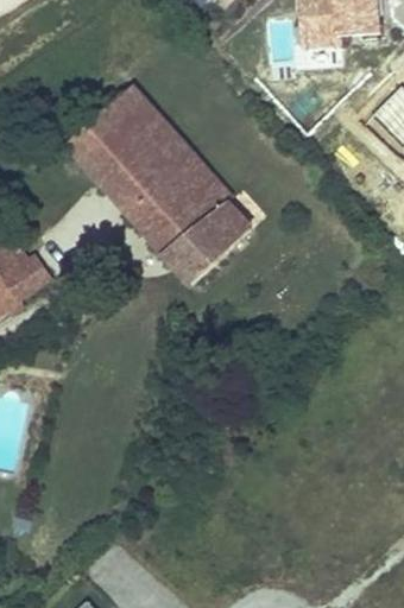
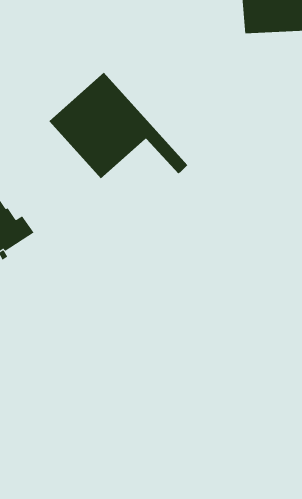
building: [130,166,248,284] -> none

